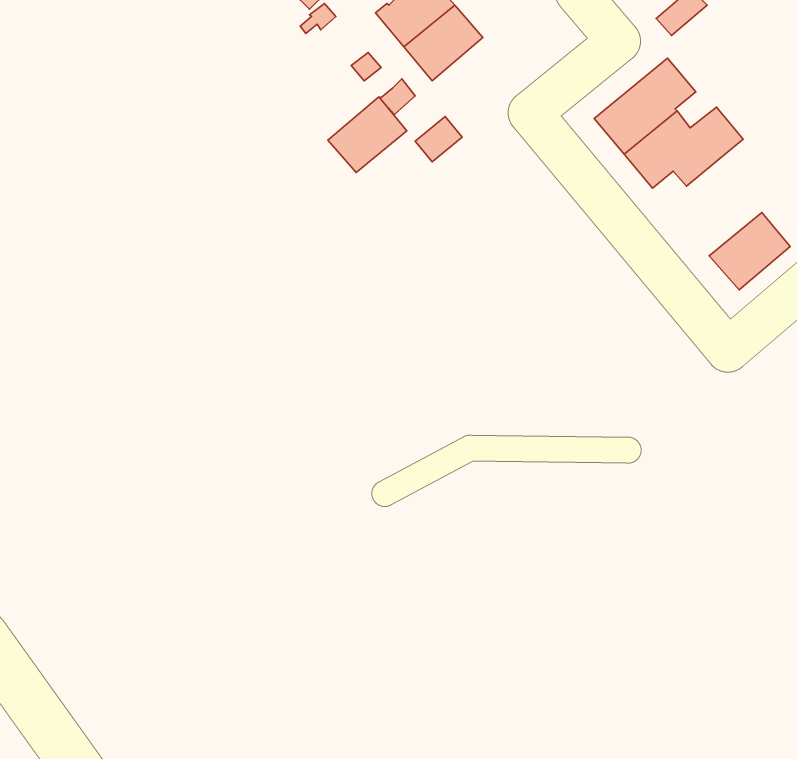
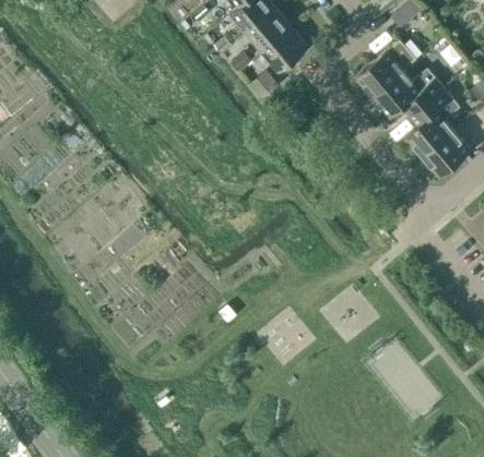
building: [328,97,407,172] -> [261,28,307,72]
building: none -> [405,87,458,155]

